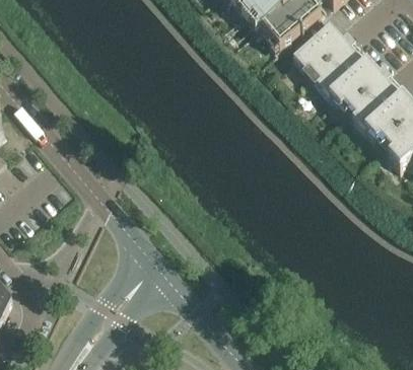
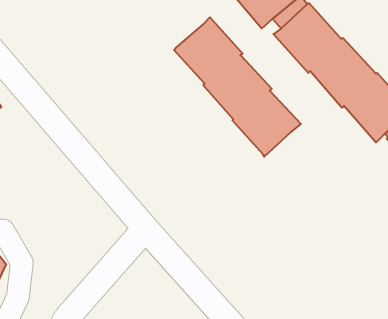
building: none -> [174,17,301,157]

